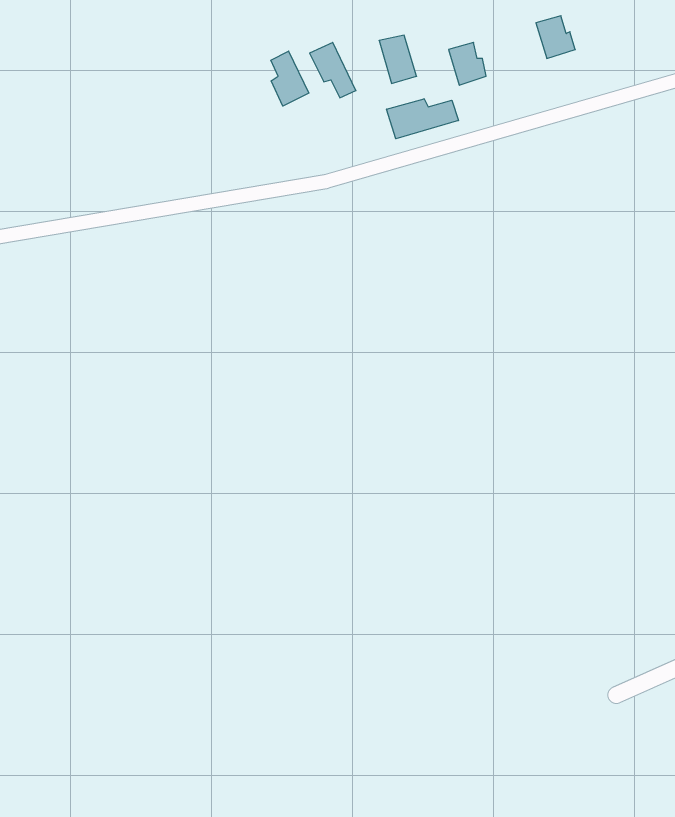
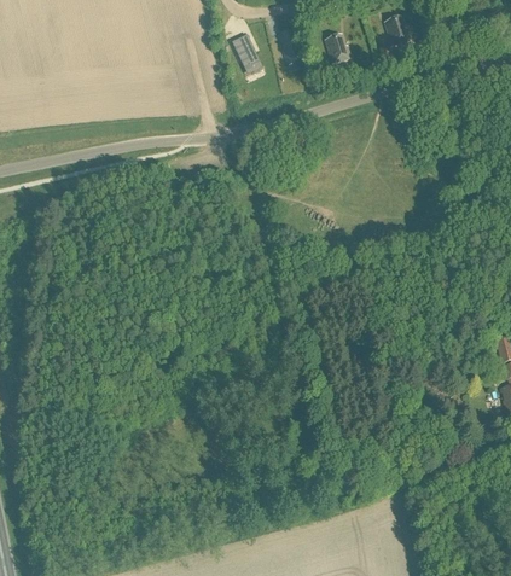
building: [271,51,309,106] -> none
building: [387,99,458,139] -> none

